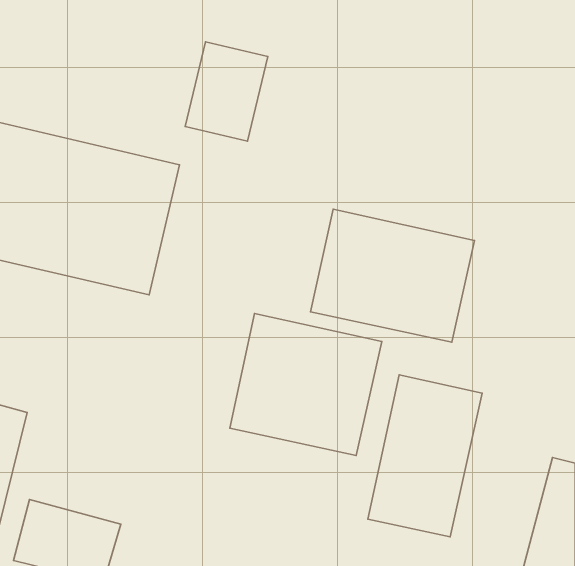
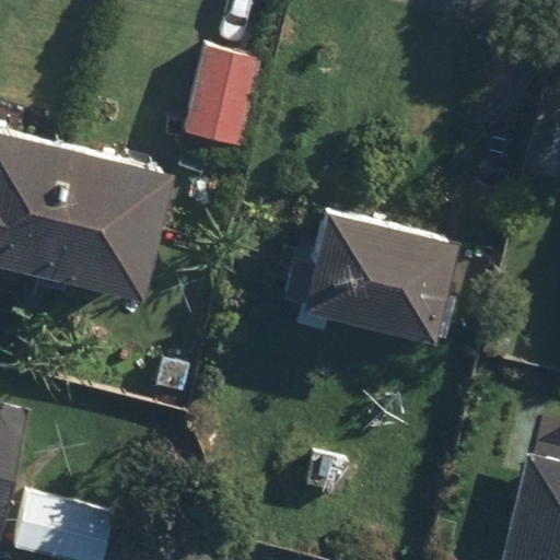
building: [230,314,382,456] -> none
building: [368,375,482,537] -> none

